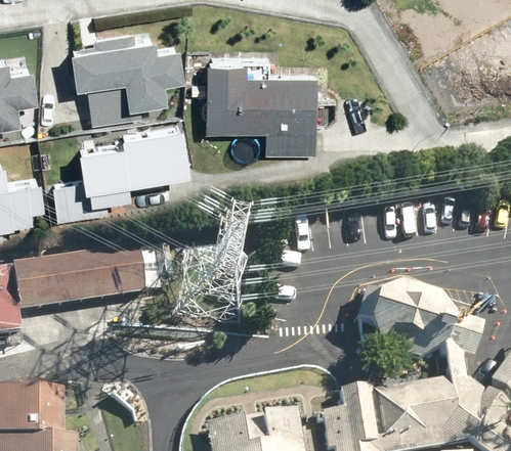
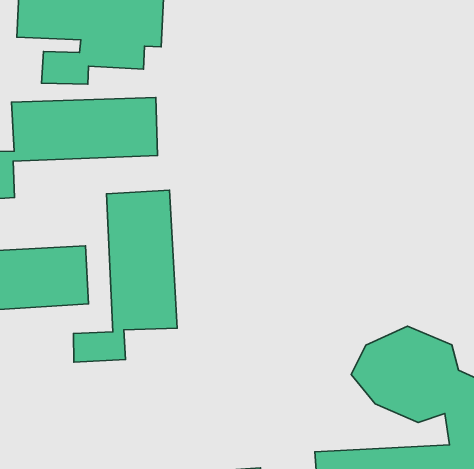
building: [198,59,313,156] -> none
building: none -> [74,190,177,362]

